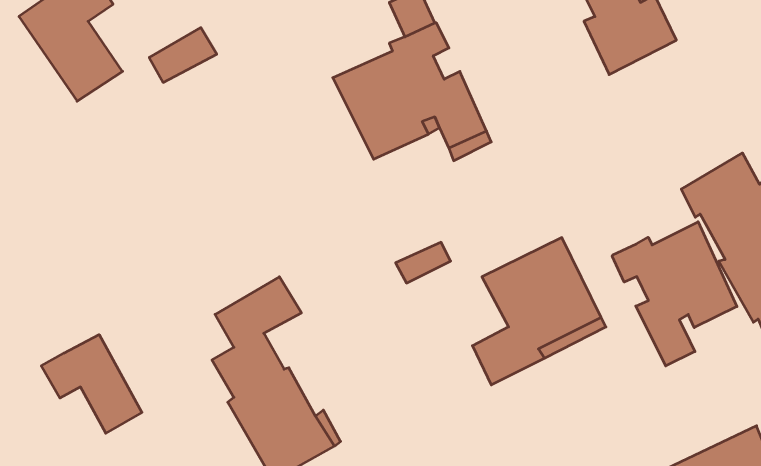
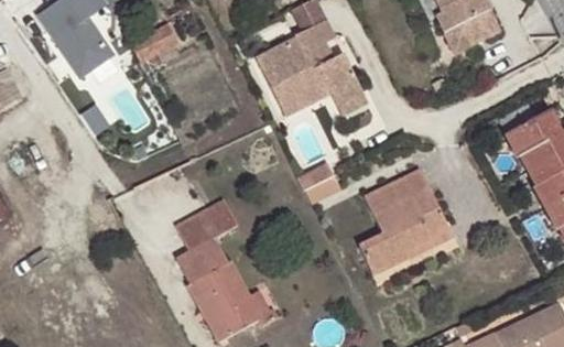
building: [612,222,737,366] -> none
building: [41,335,142,433] -> none

